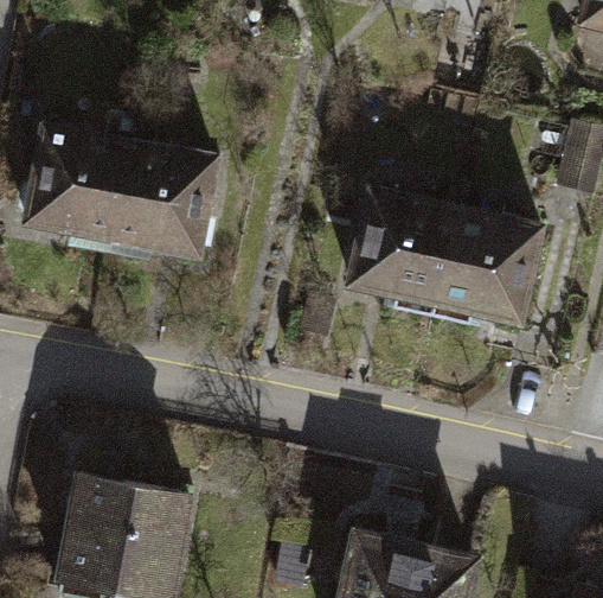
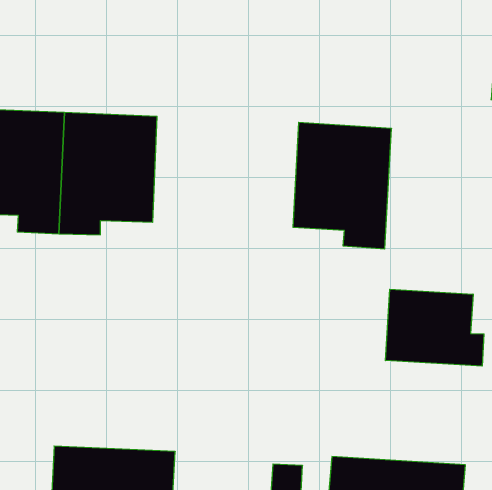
building: [436,205,553,333] -> none
building: none -> [385,289,484,366]

